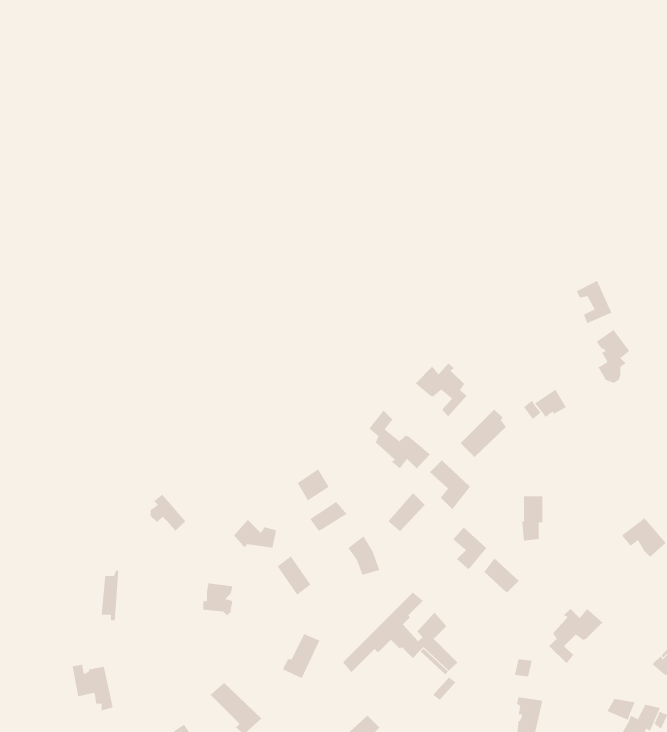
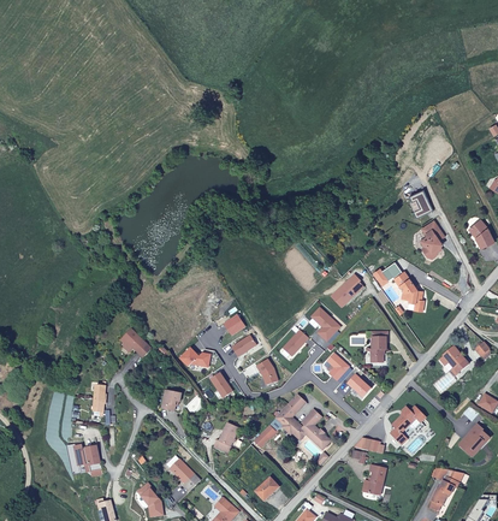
building: [415,363,468,417] -> none
building: none -> [393,272,426,313]
building: [369,410,431,469] -> none

